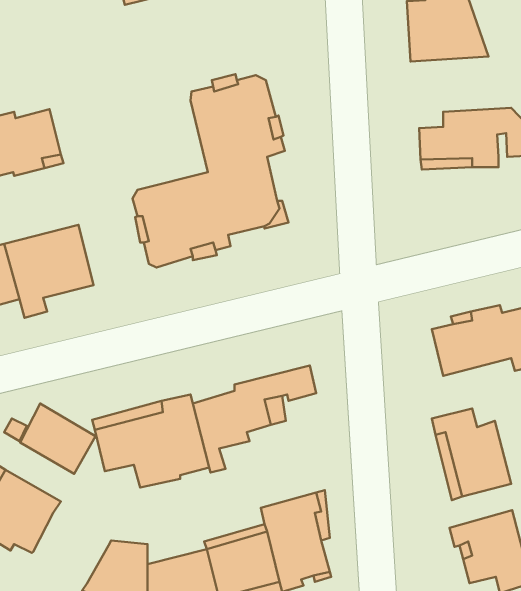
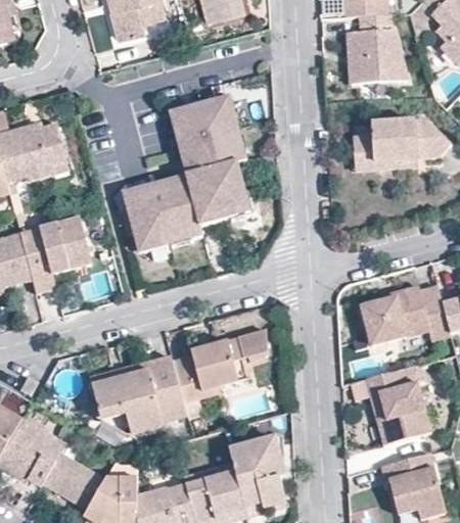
building: [20,404,96,474] -> [42,451,103,509]

